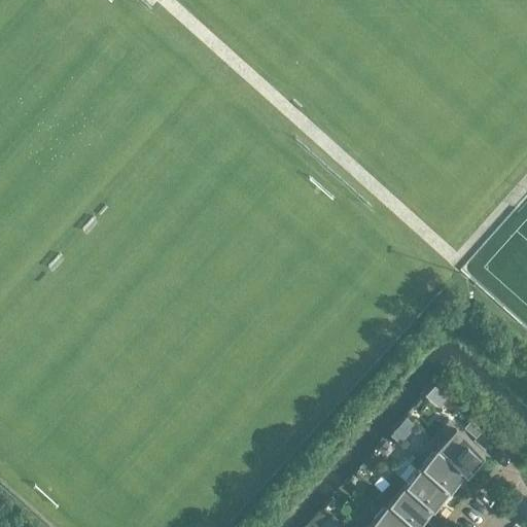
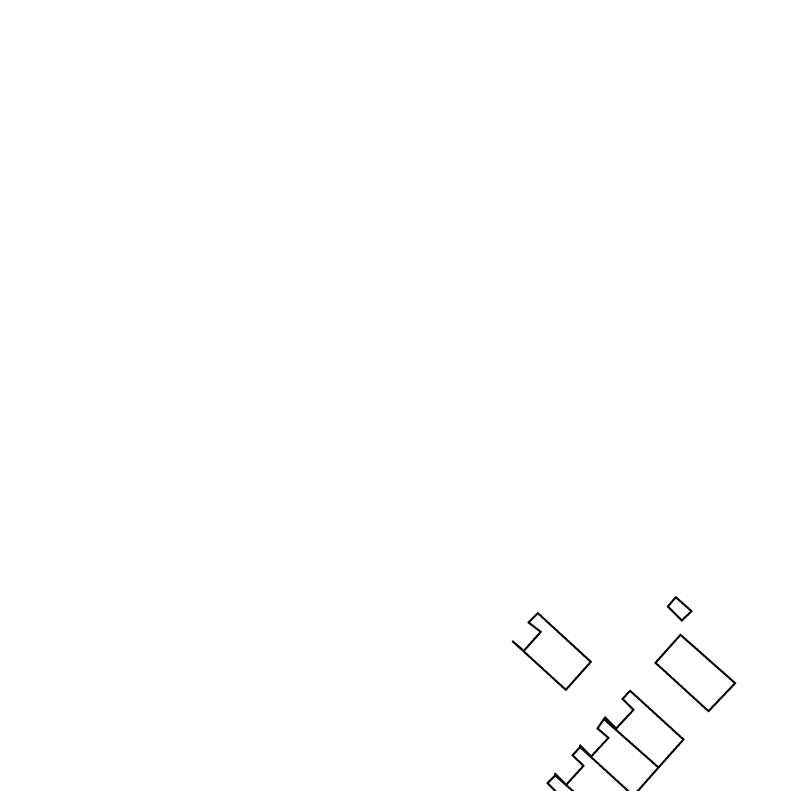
building: [419,442,470,492] -> [513,613,591,690]

